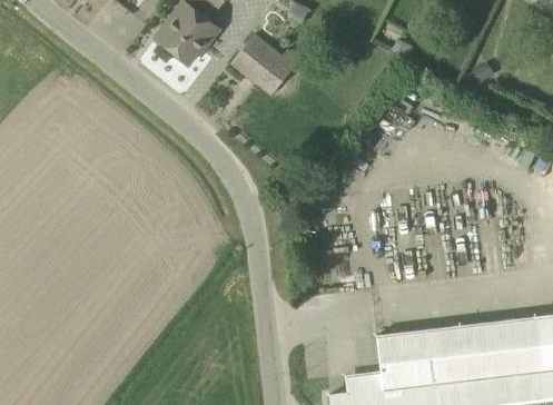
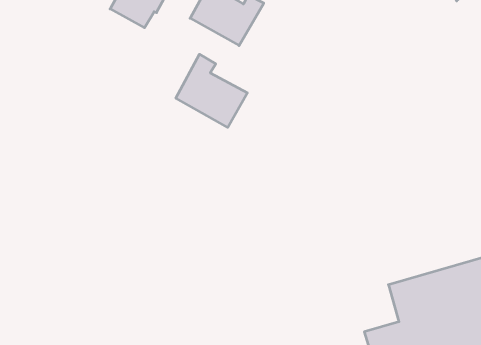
building: none -> [176,54,247,127]

